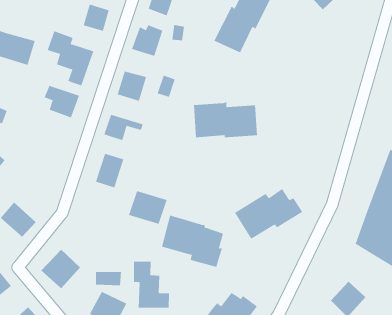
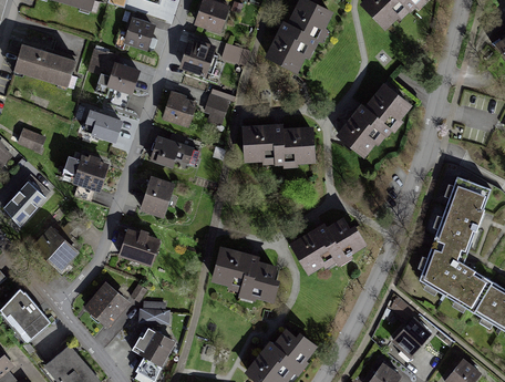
building: none -> [337,85,409,157]
building: none -> [73,156,111,190]
building: [128,191,167,225] -> [117,231,159,268]
building: [134,261,169,309] -> none

